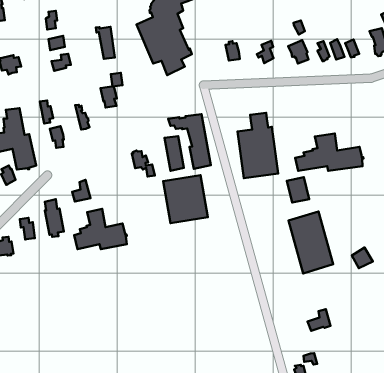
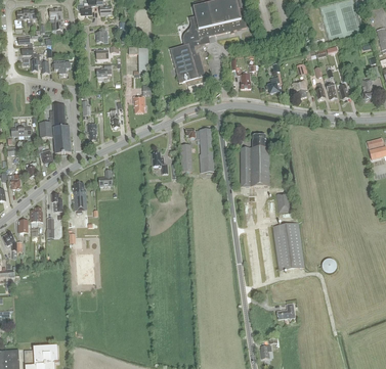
building: [295,133,363,171] -> none
building: [163,175,208,223] -> none
building: [74,209,127,249] -> none

